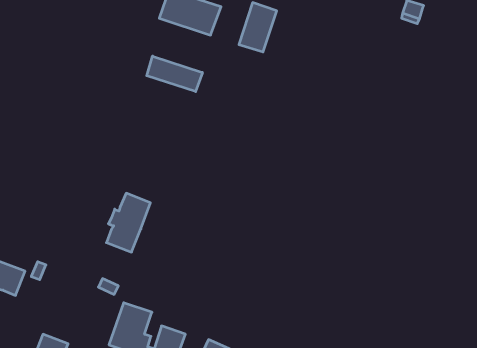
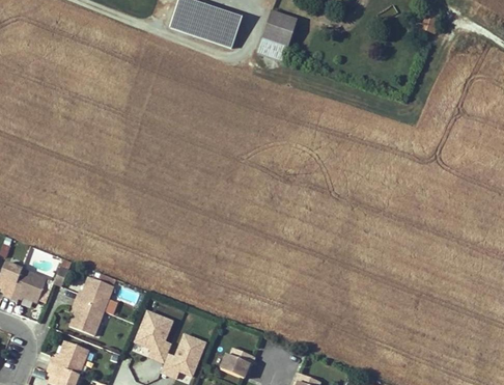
building: [147,56,202,92] -> none
building: [106,193,150,252] -> [69,276,113,334]

